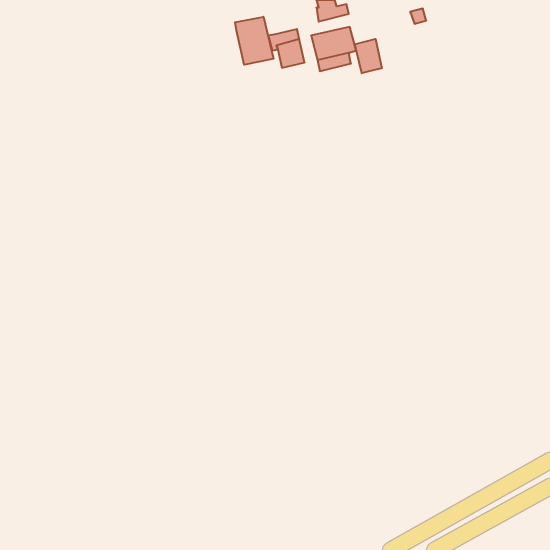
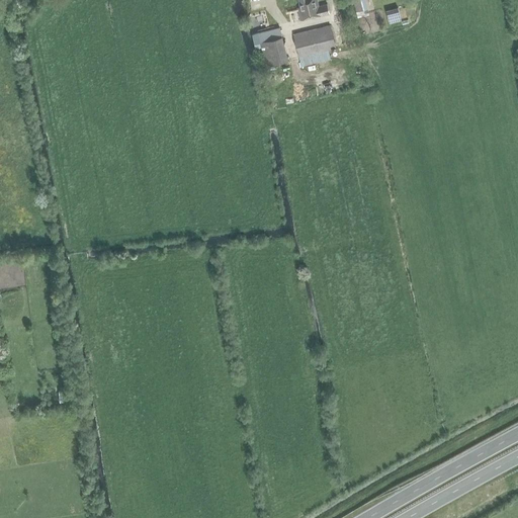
building: [235,17,274,65] -> none
building: [355,39,382,73] -> none

